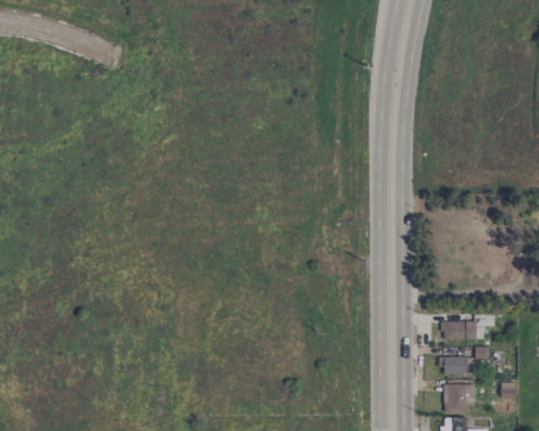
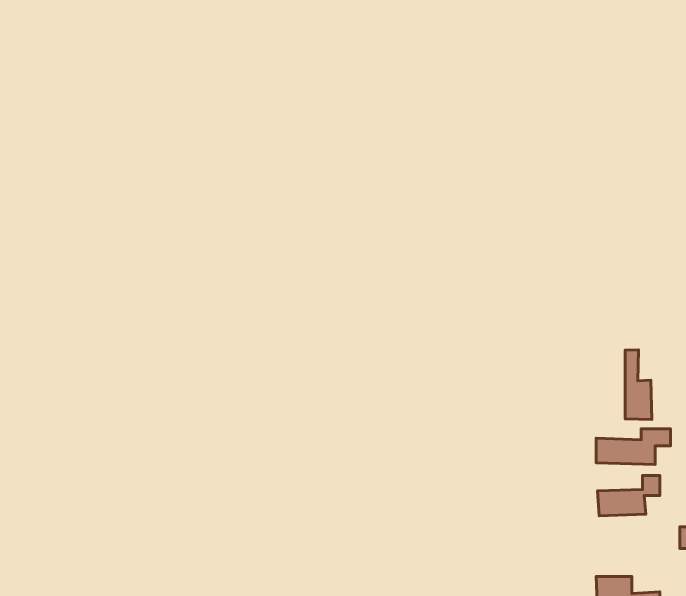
building: none -> [625,350,652,420]
building: [443,384,473,413] -> none

